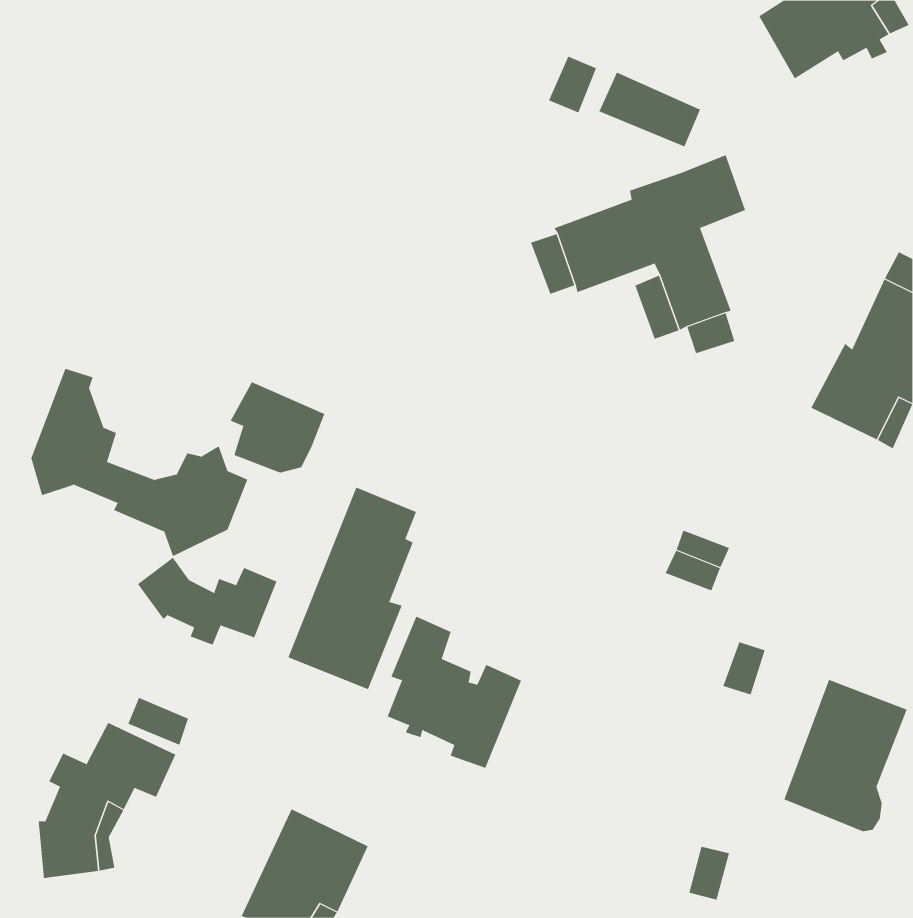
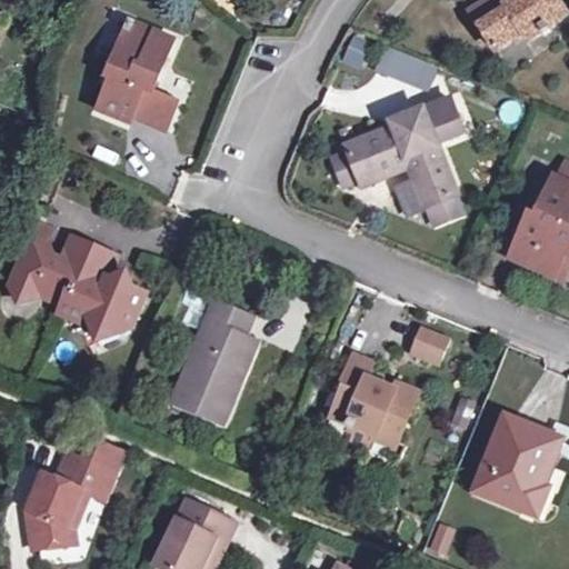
building: none -> [98,21,176,126]
building: [230,381,325,473] -> [64,240,123,297]
building: [137,557,277,645] -> none
building: [387,616,522,769] -> [336,356,419,450]

